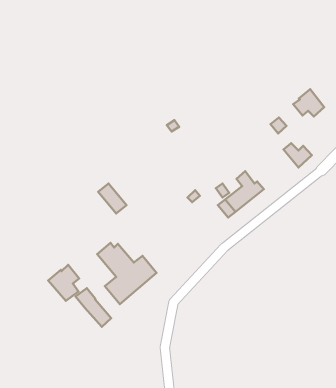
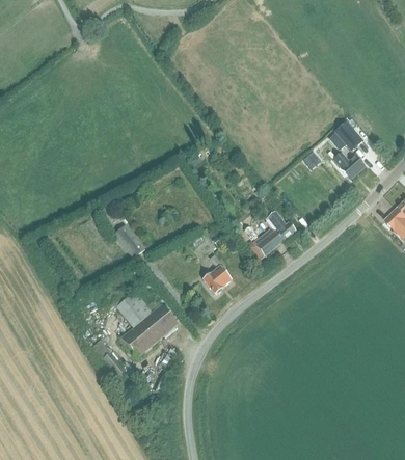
building: [283,143,312,168] -> [333,151,365,178]
building: none -> [203,253,232,293]
building: [48,265,79,301] -> none

